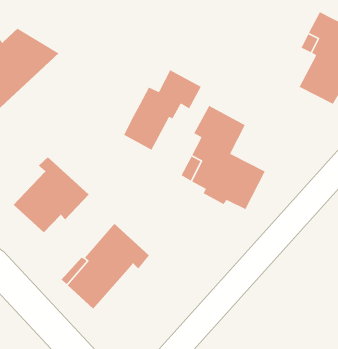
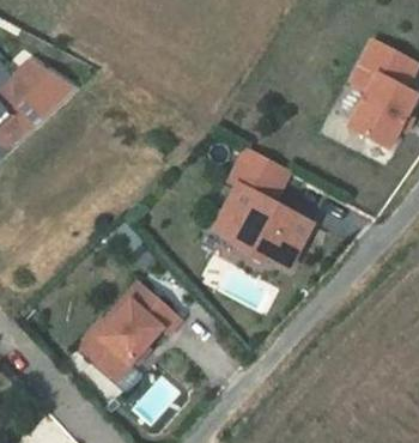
building: [123,69,202,151] -> none
building: [13,156,90,233] -> none

